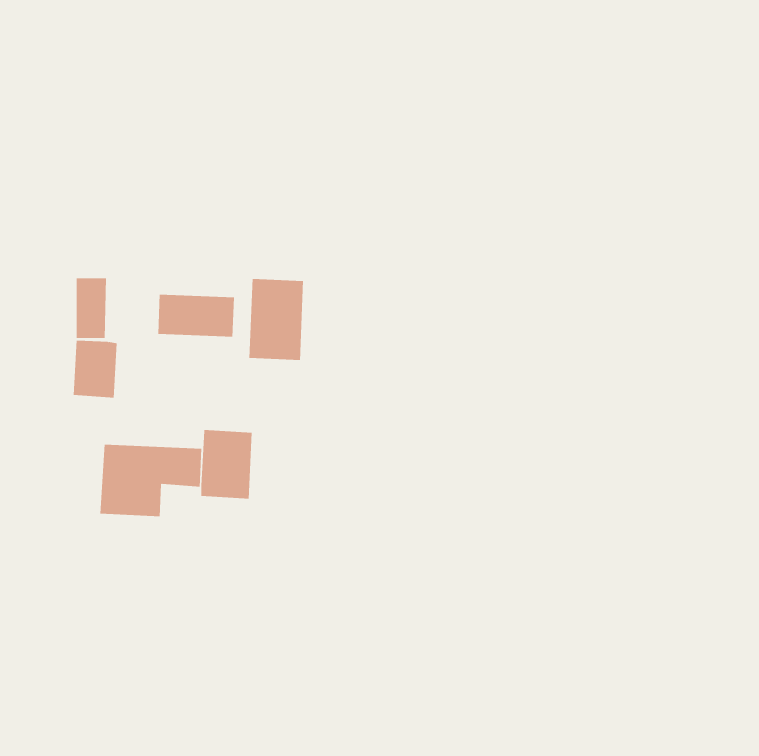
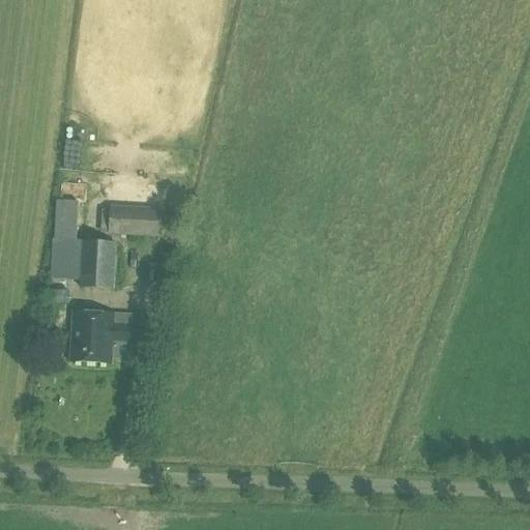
building: [249,278,304,361] -> none
building: [201,429,253,499] -> [80,238,116,287]

